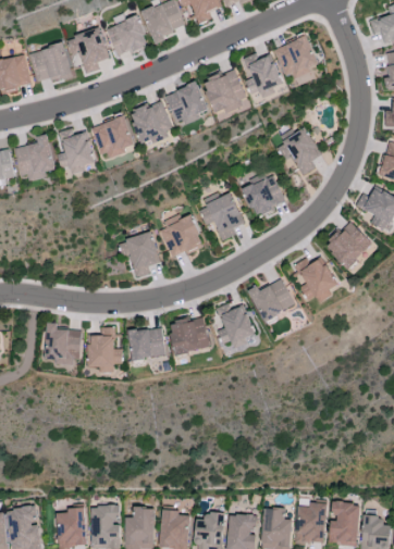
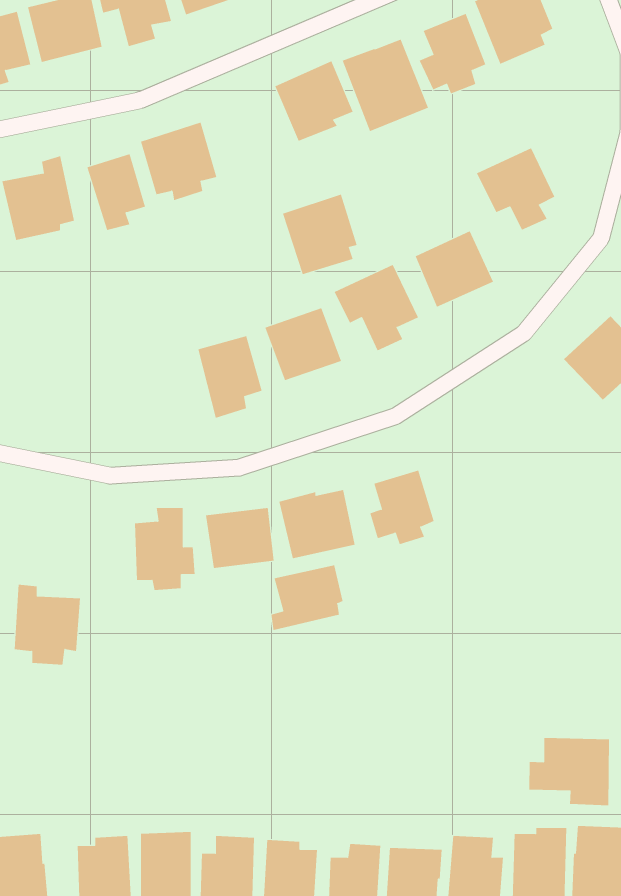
building: [131,101,172,146] -> [282,194,357,275]
building: [291,258,336,303] -> none
building: [248,279,295,322] -> none
building: [45,323,82,367] -> [14,584,81,665]
building: none -> [271,565,343,631]
building: none -> [529,737,610,806]

